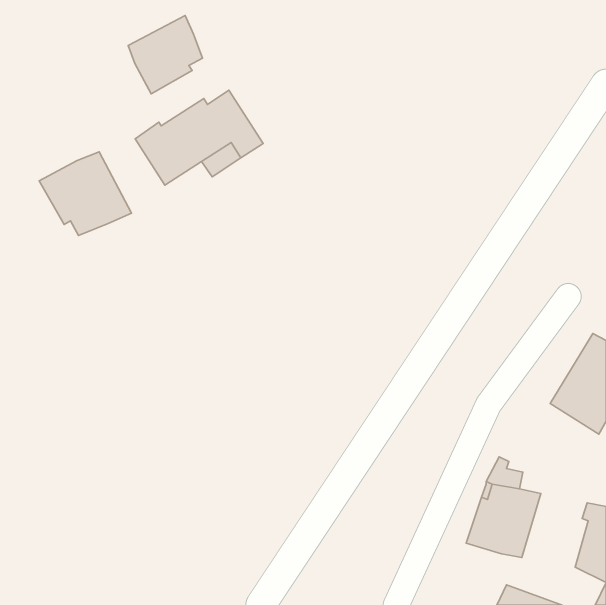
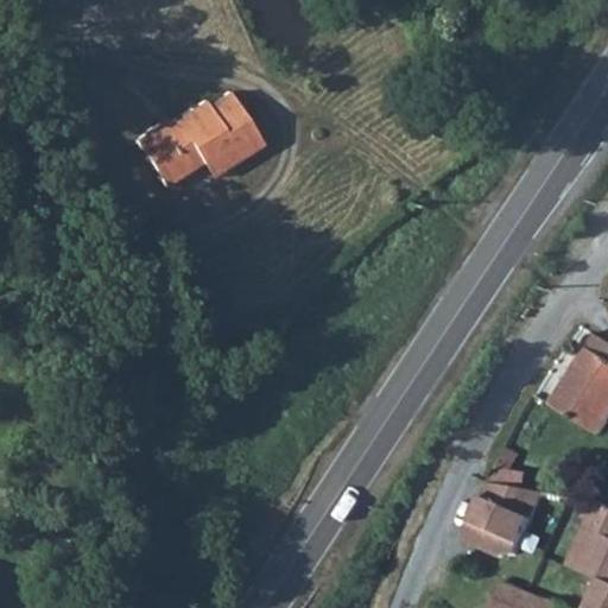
building: [128,16,203,94] -> none
building: [39,152,131,235] -> none

